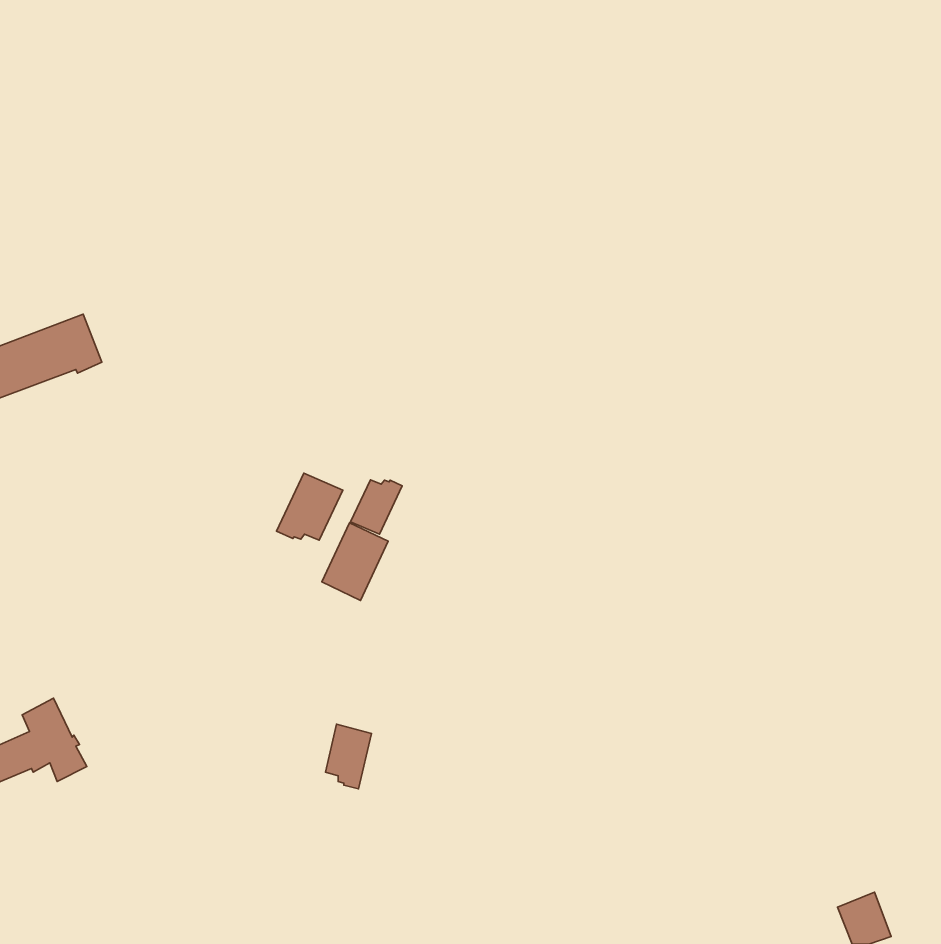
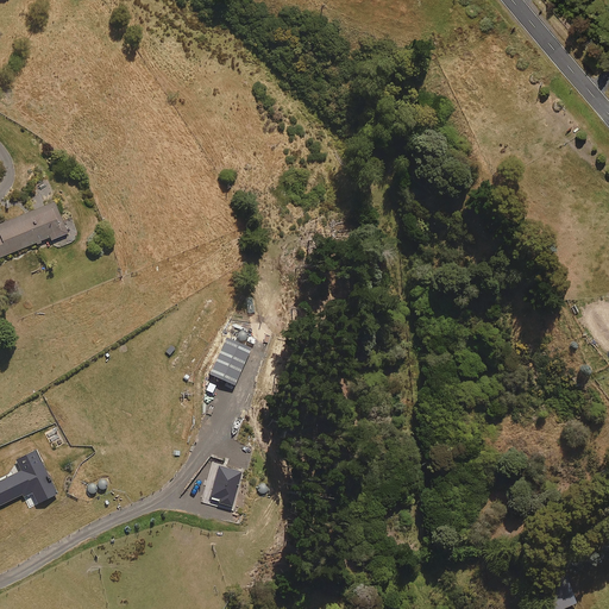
building: [277,473,343,540] -> none
building: [351,480,402,534] -> none

